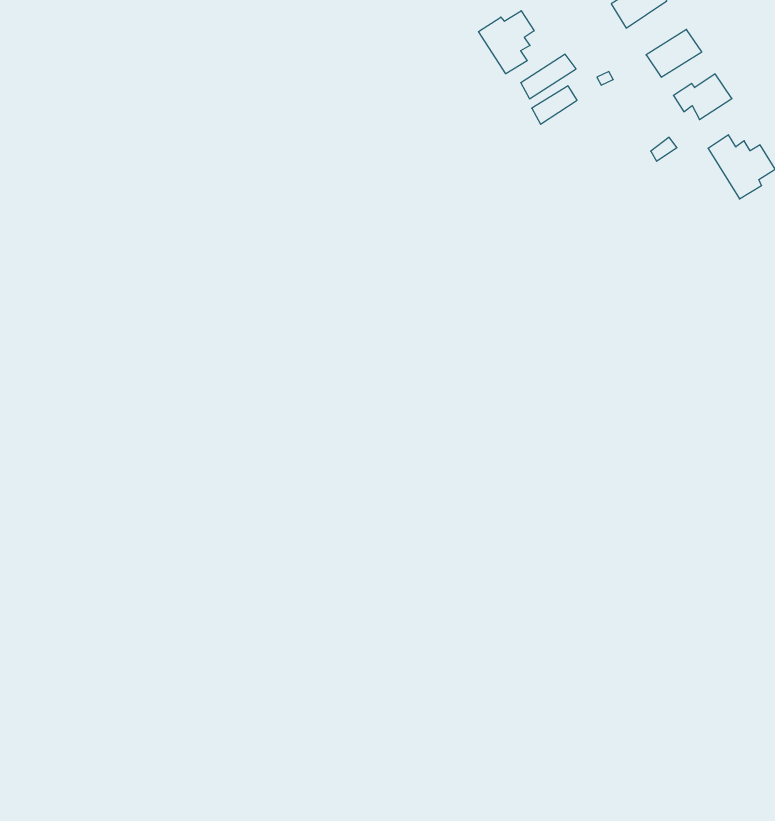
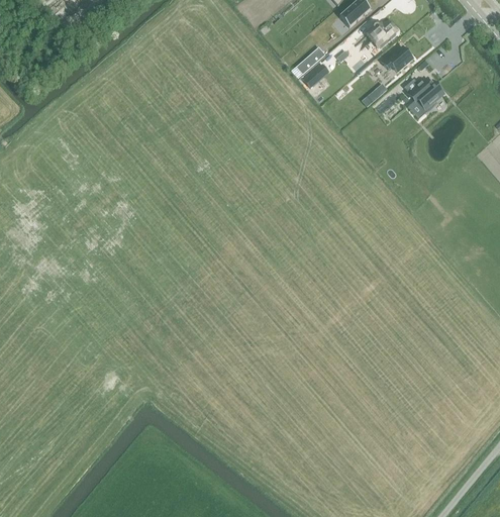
building: [479,11,534,74] -> none

